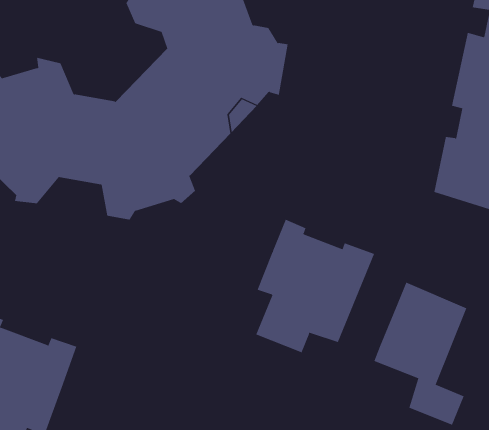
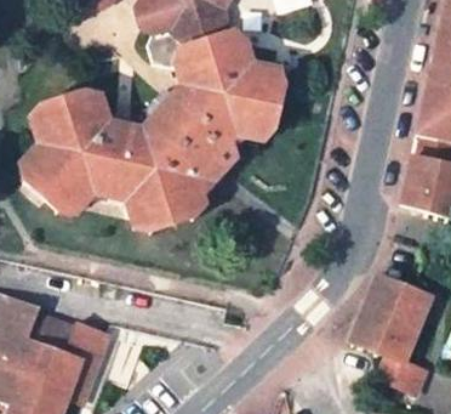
building: [256,219,375,353] -> none

